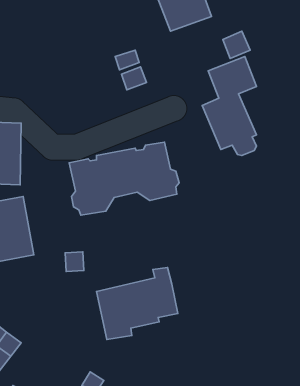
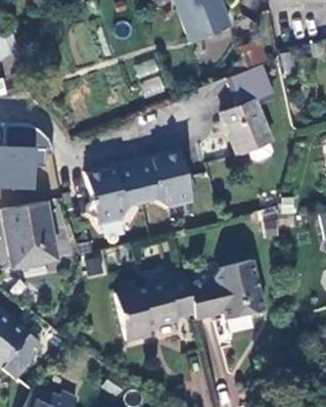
building: none -> [190,263,266,321]

